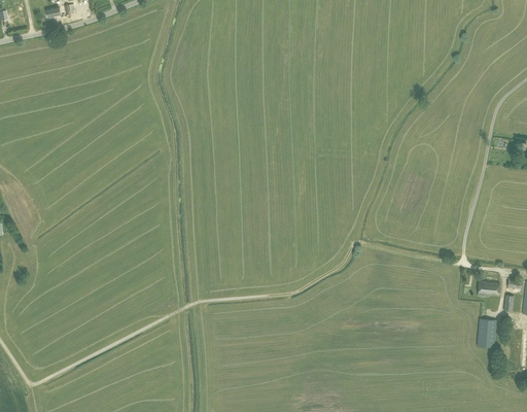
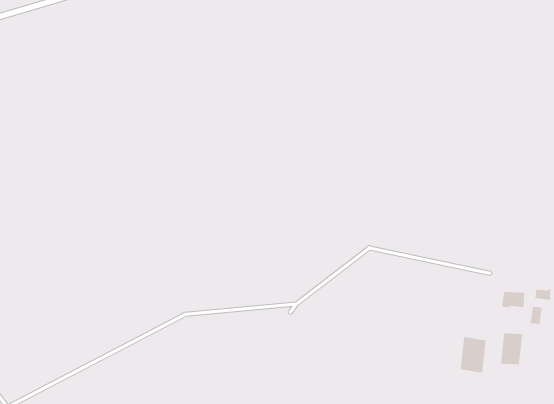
building: none -> [460,336,486,373]

